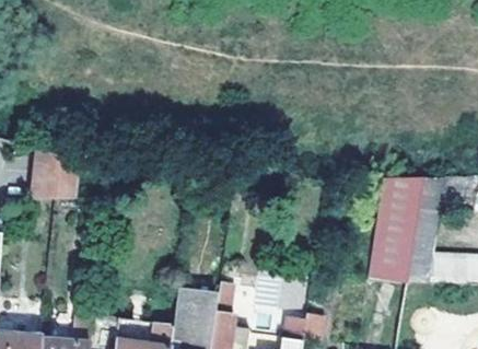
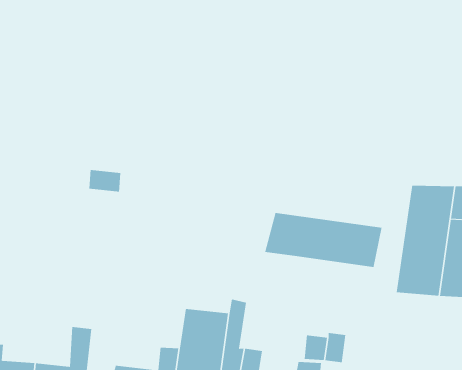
building: [33,149,77,198] -> none
building: none -> [264,212,382,268]

